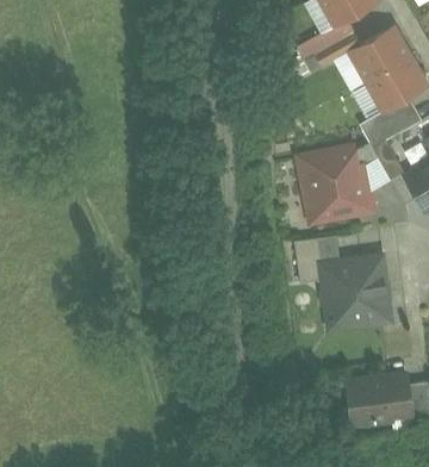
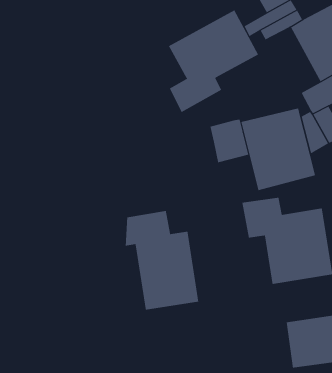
building: none -> [168,10,259,113]
building: none -> [210,119,249,163]
building: none -> [125,210,199,311]

